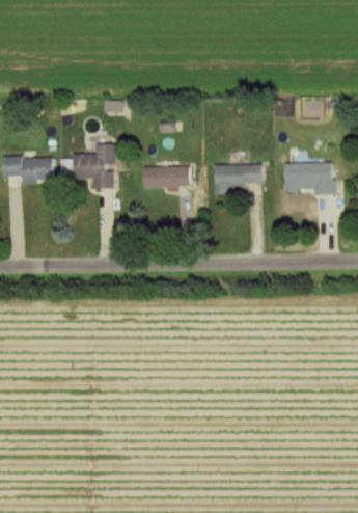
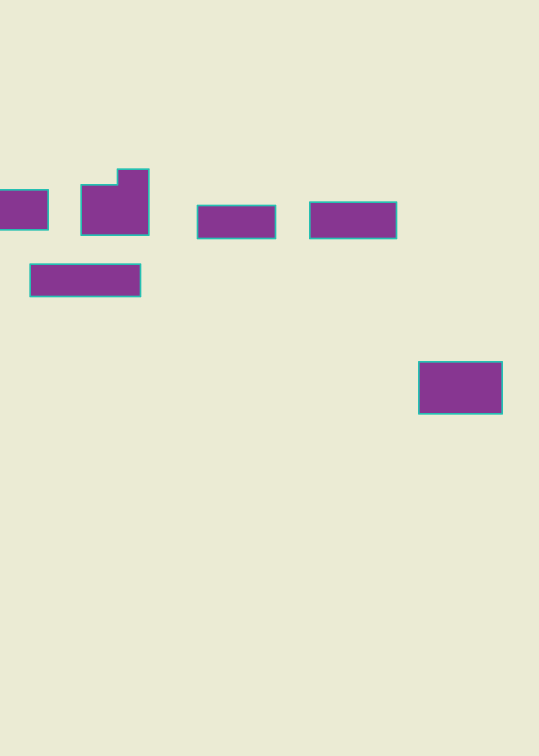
building: [278,162,328,193] -> [419,362,502,414]
building: none -> [30,264,140,297]

